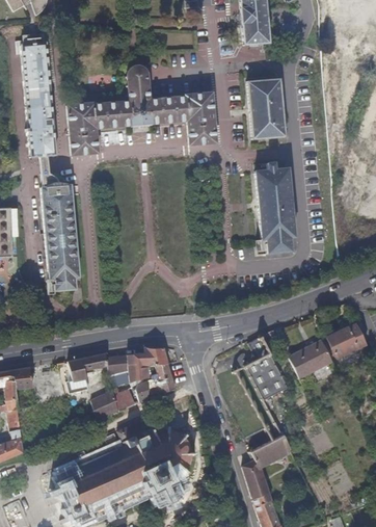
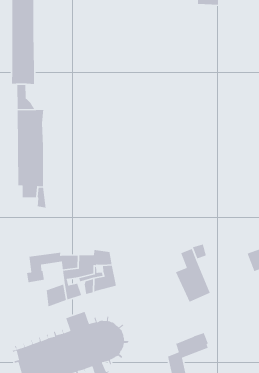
building: [55,65,217,157] -> none
building: [245,79,286,140] -> none
building: [254,162,296,257] -> none
building: [289,339,332,377] -> none

